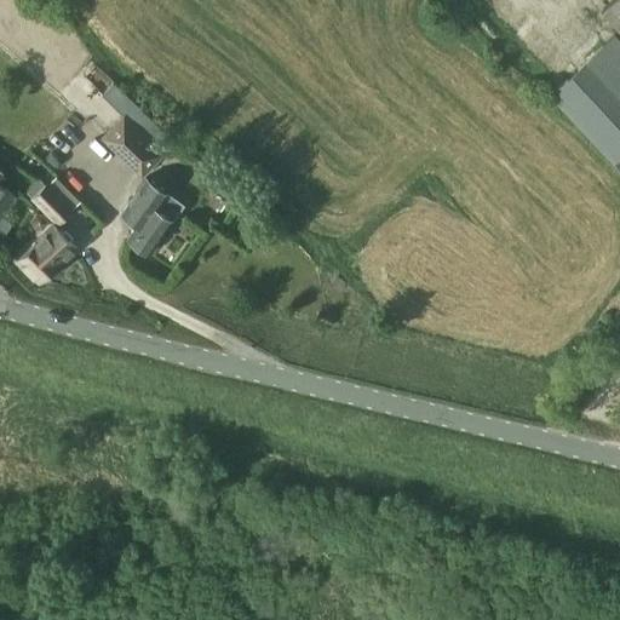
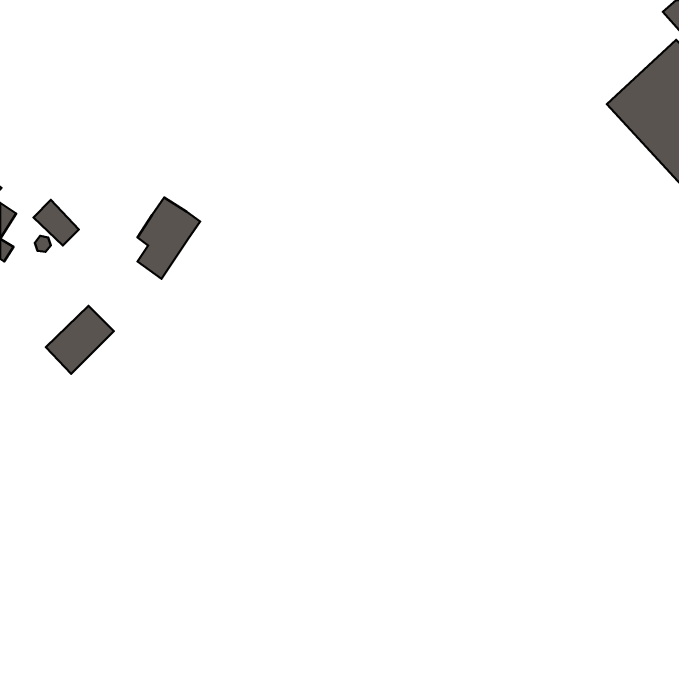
building: [102,87,173,176] -> none
building: [17,225,79,287] -> [46,306,114,374]

